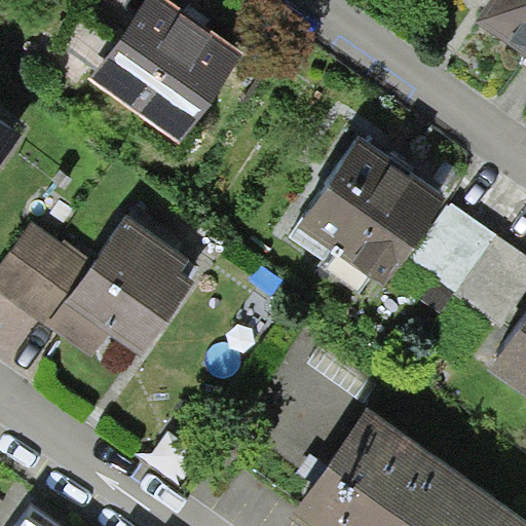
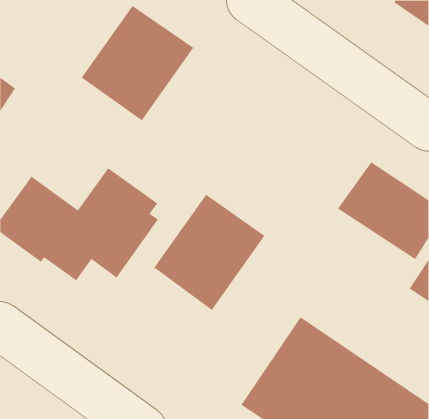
building: [287,128,447,287] -> none
building: none -> [153,194,265,311]

